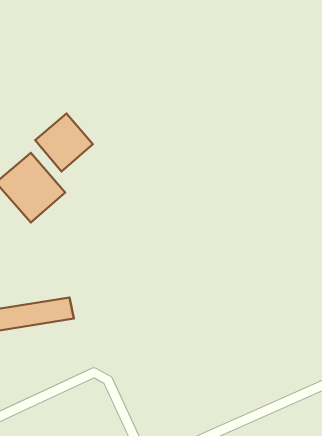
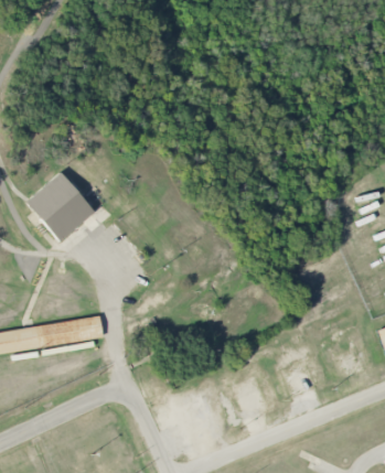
building: [35,114,93,172] -> none

